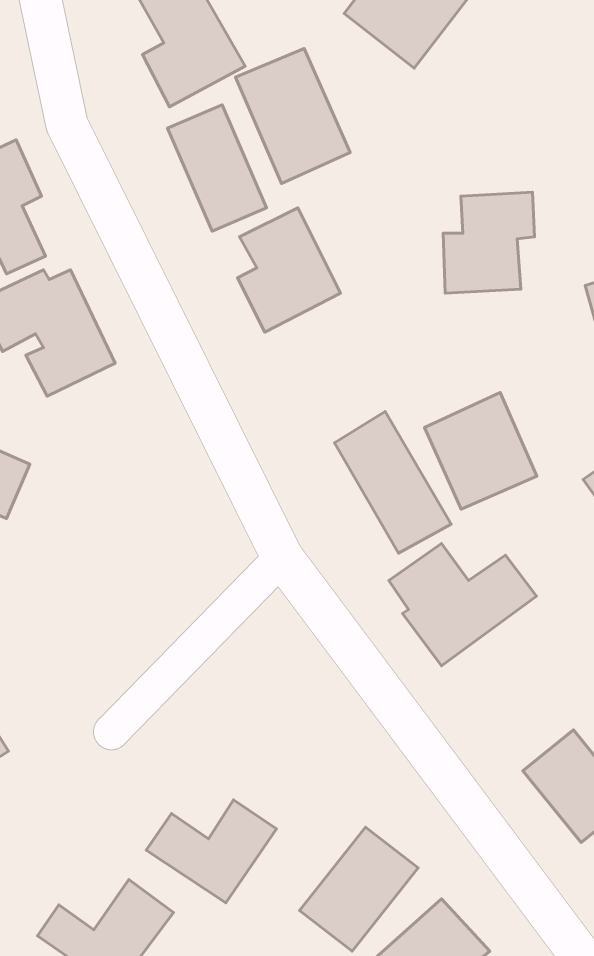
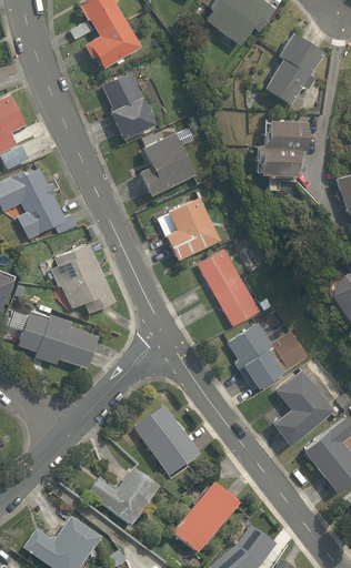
building: none -> [262,37,320,105]
building: [235,49,350,183] -> none
building: [424,393,537,509] -> [153,194,218,261]
building: none -> [48,241,116,312]
building: none -> [17,310,99,367]
building: none -> [271,371,332,445]
building: none -> [133,406,200,477]

